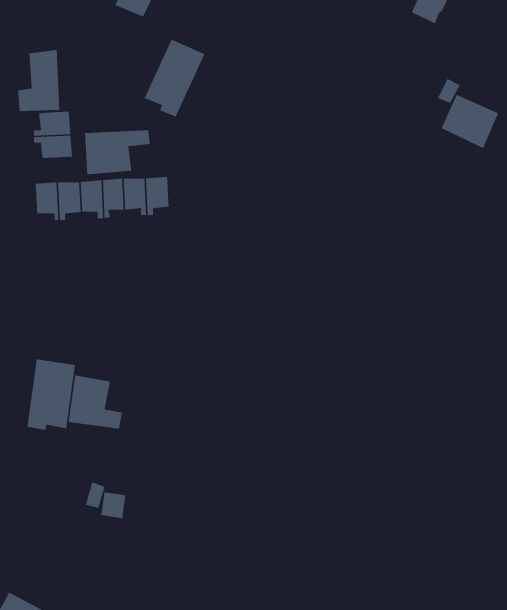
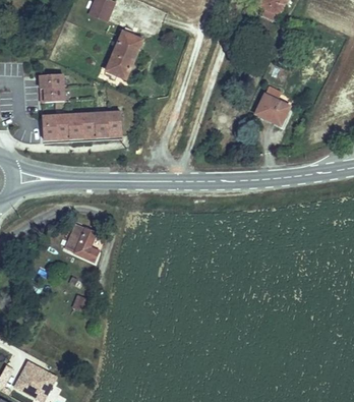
building: [17,49,60,112] -> none
building: [441,94,499,149] -> [256,99,291,131]
building: [84,129,151,175] -> none
building: [26,358,76,431] -> none

